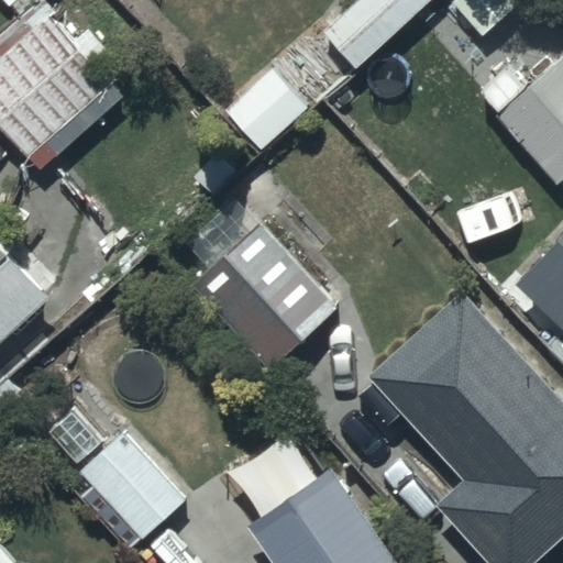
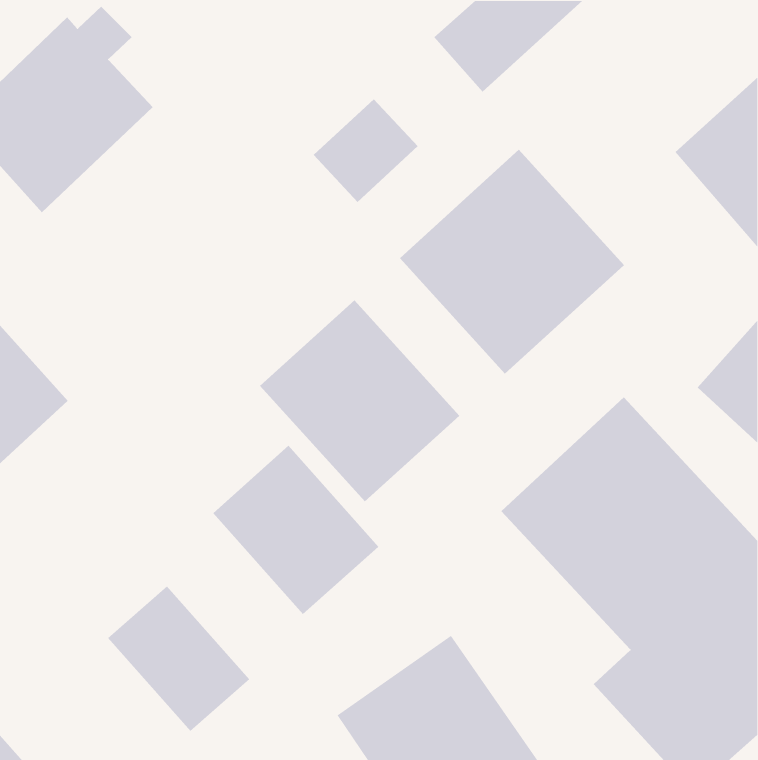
building: none -> [399,149,625,375]
building: none -> [212,445,379,615]

